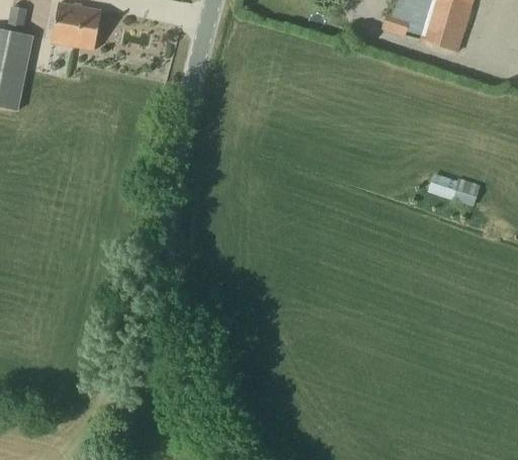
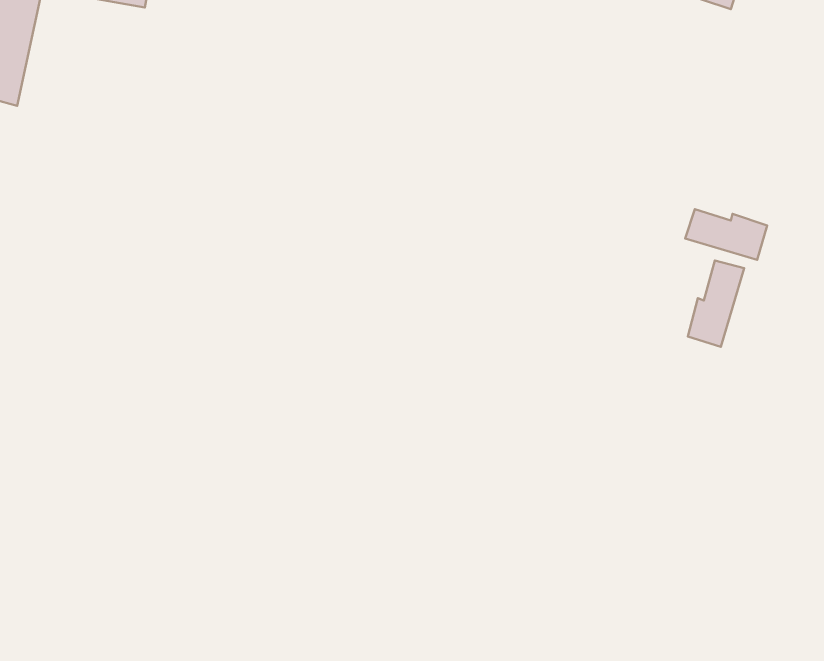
building: none -> [688,261,744,347]

